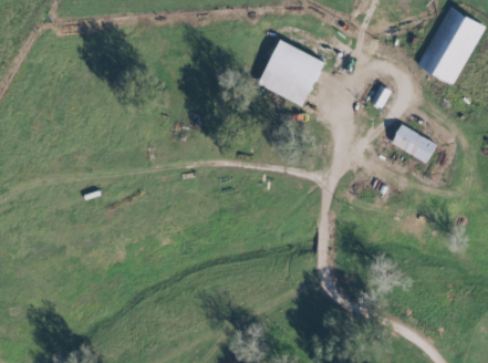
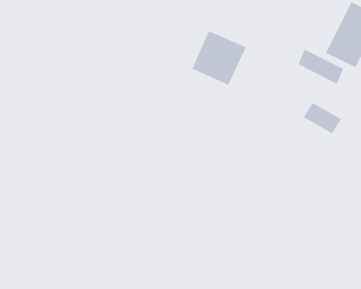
building: none -> [298,49,344,85]

